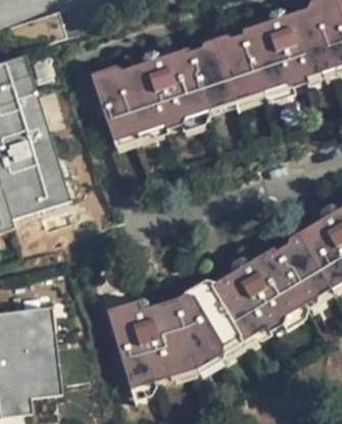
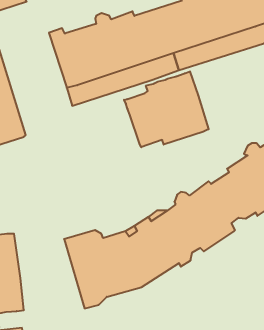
building: none -> [124,71,209,147]

